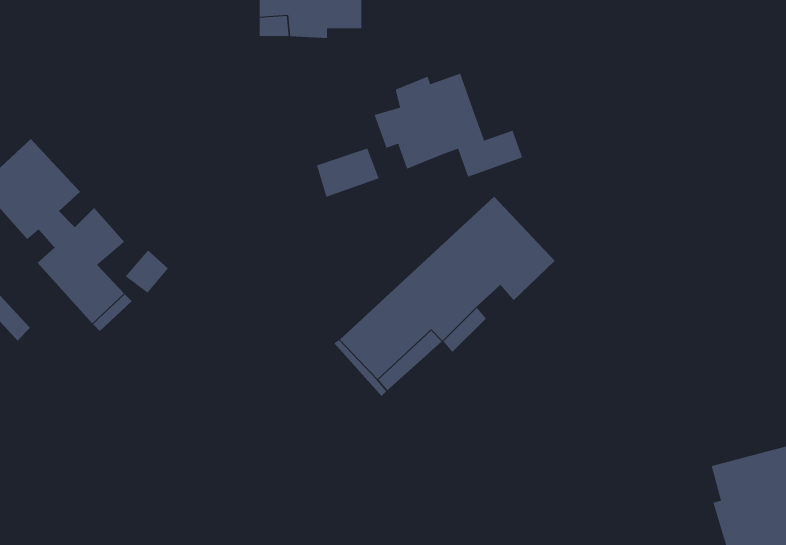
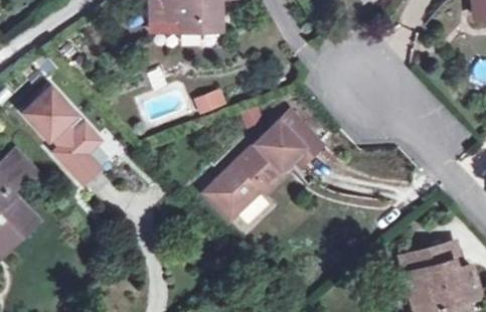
building: [374,73,523,177] -> none

